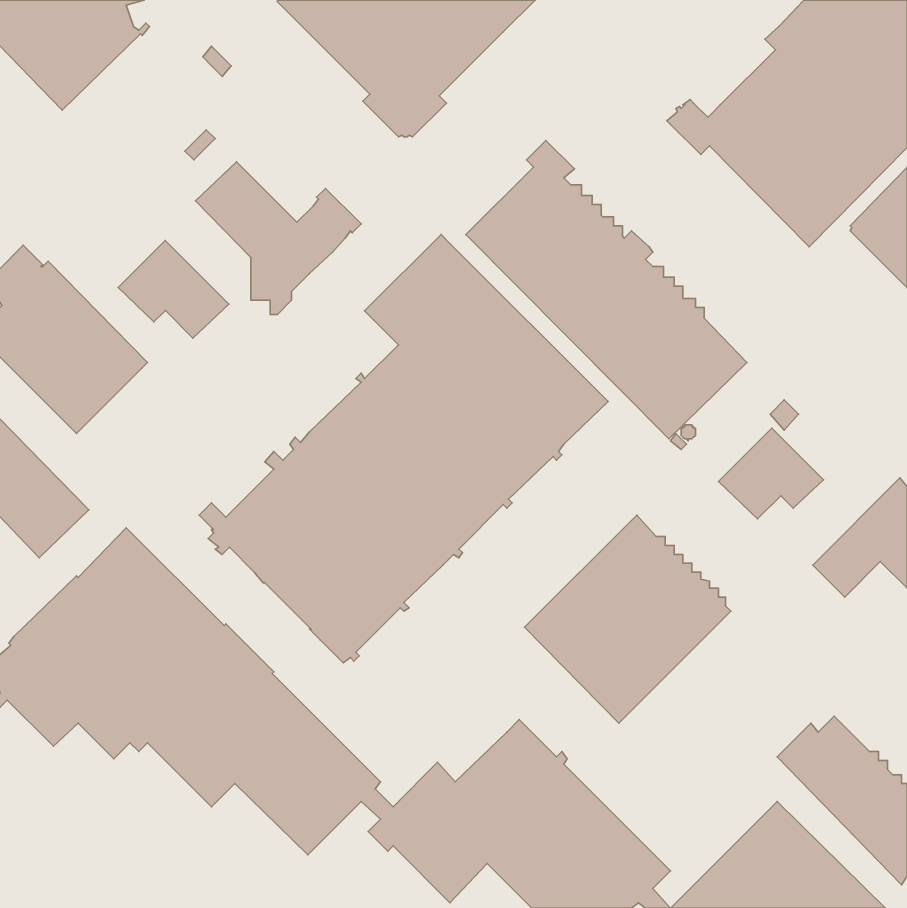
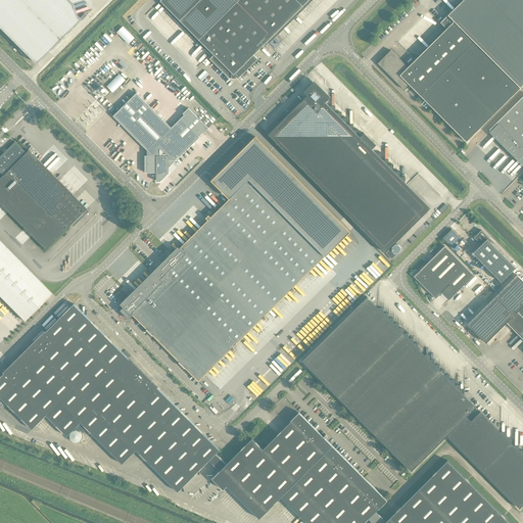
building: [118,241,229,338] -> none
building: none -> [472,230,515,282]
building: none -> [355,351,475,471]

